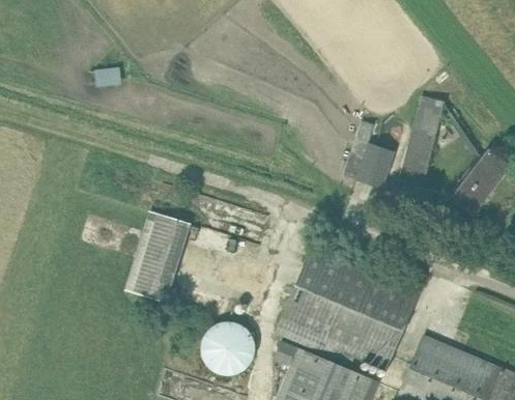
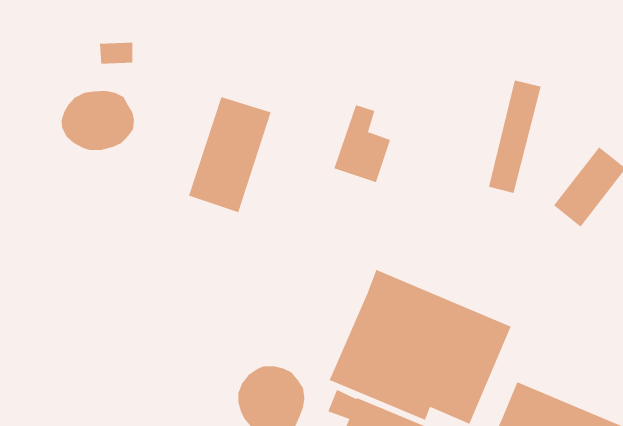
building: none -> [61,90,134,151]
building: [345,123,391,185] -> [333,104,391,183]
building: [122,208,189,301] -> [188,97,272,213]

